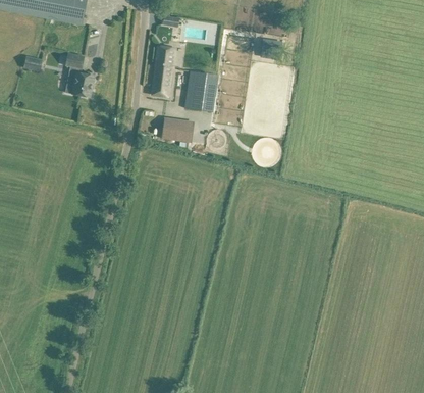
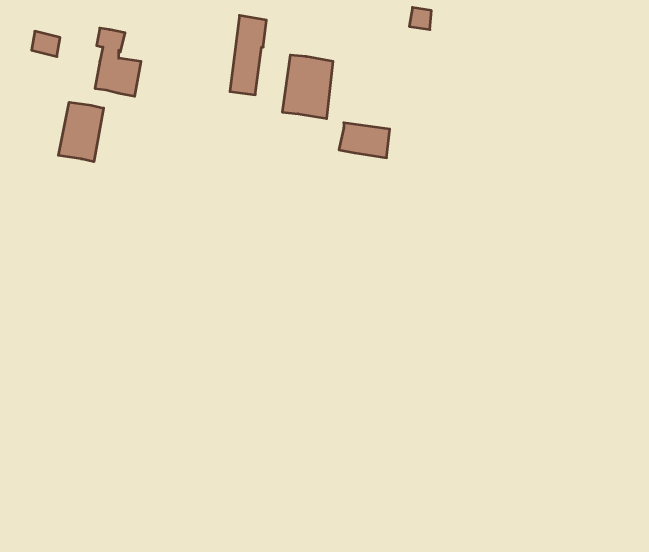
building: none -> [58,102,104,162]
building: [160,118,193,141] -> [339,123,390,158]

